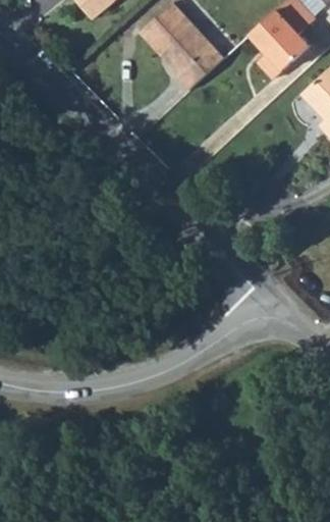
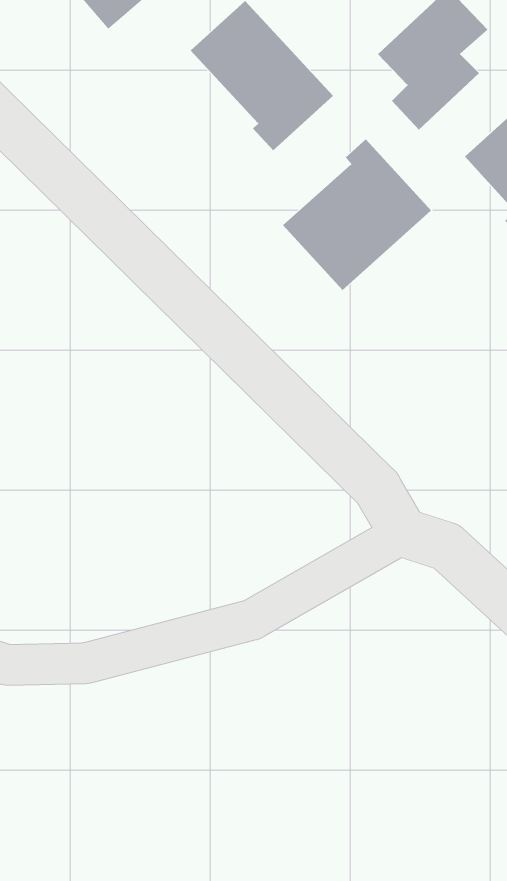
building: none -> [282,138,432,291]

